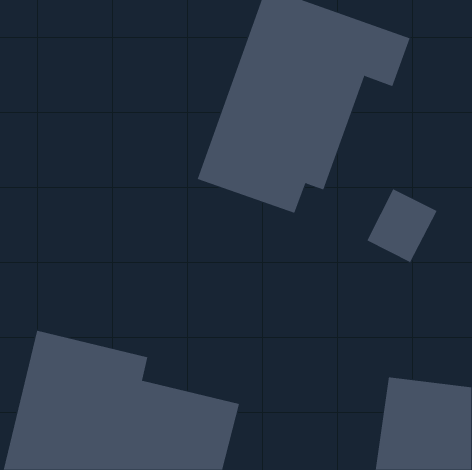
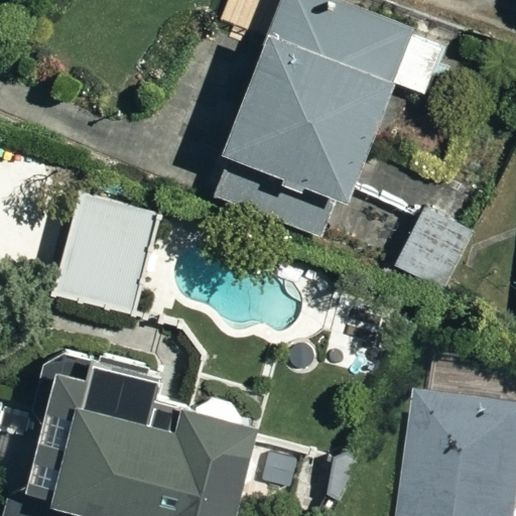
building: none -> [52,190,157,312]

